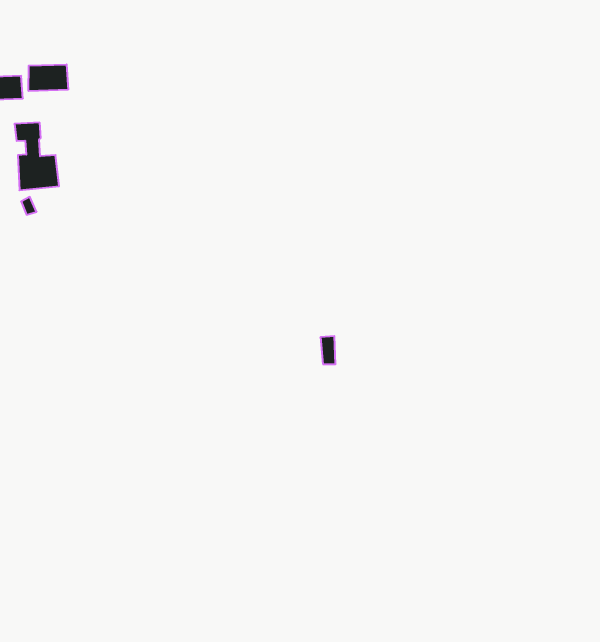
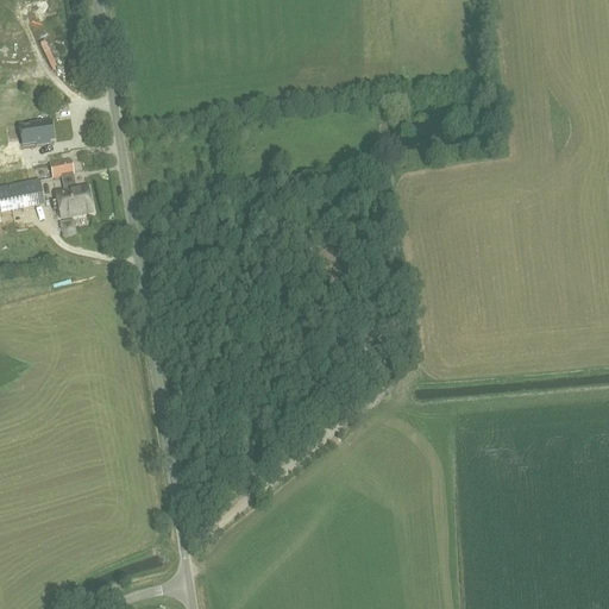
building: [29,64,68,91] -> none

